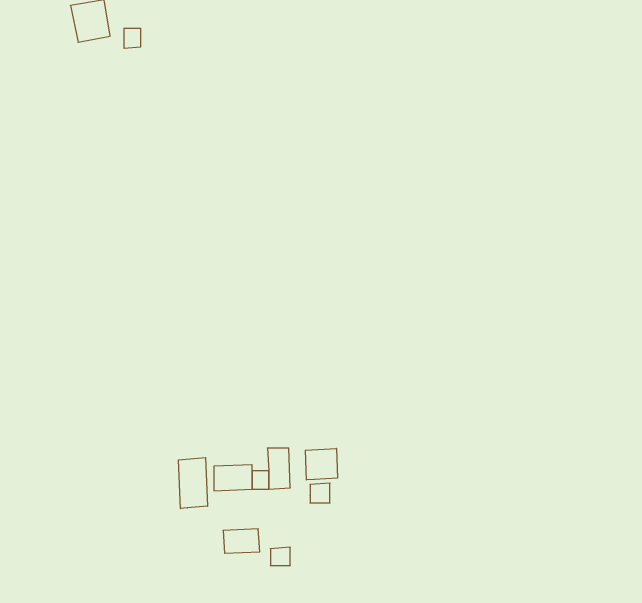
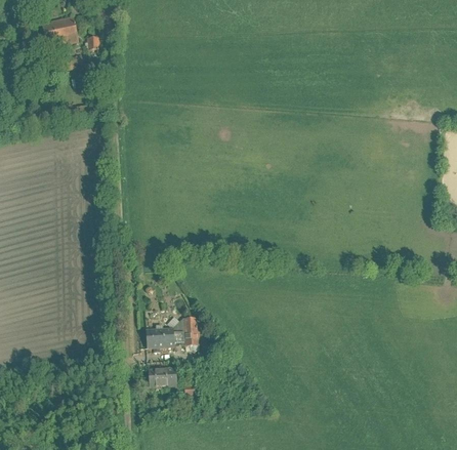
building: [305,448,337,480] -> none
building: [179,458,208,509] -> none

